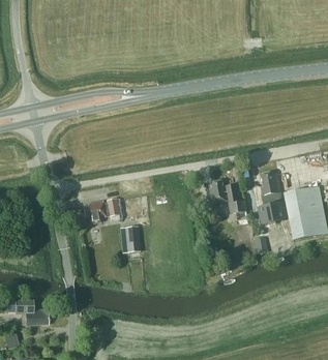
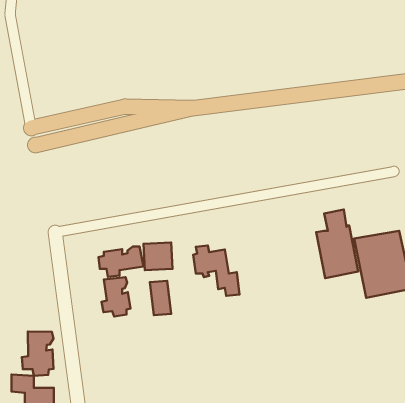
building: [209,181,245,220] -> [193,246,239,296]
building: none -> [101,277,130,317]
building: none -> [22,331,53,376]

